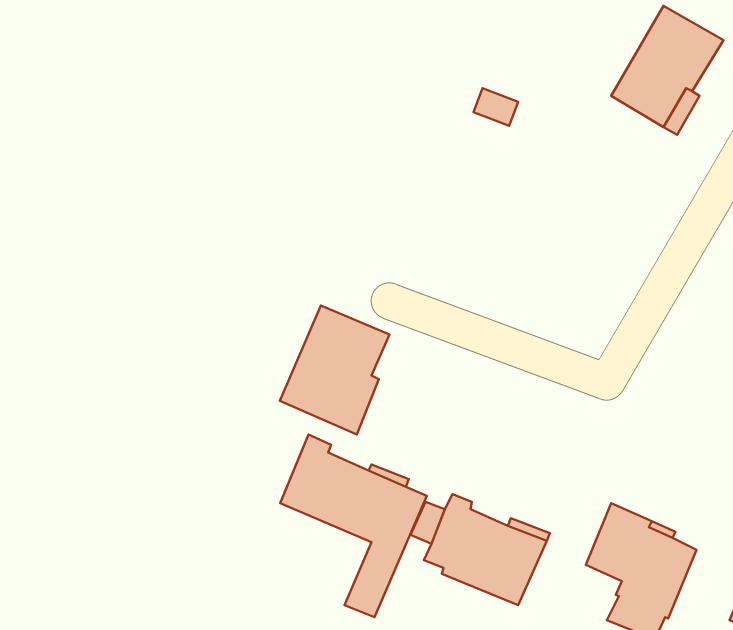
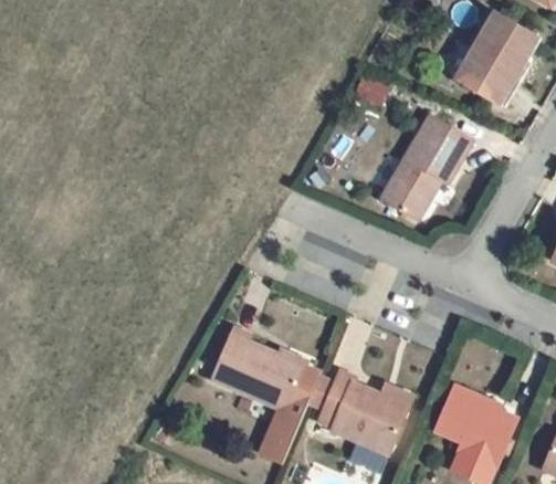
building: none -> [380,114,471,219]
building: [280,306,389,435] -> none

